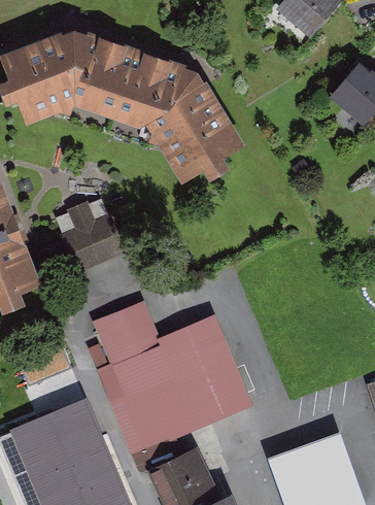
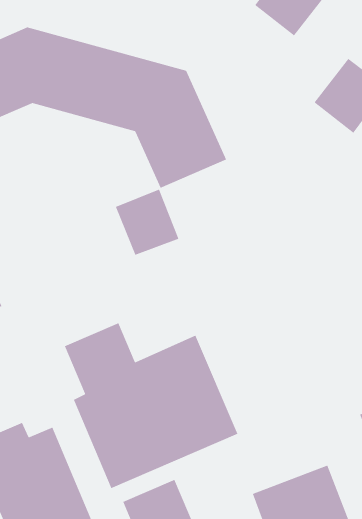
building: [64,209,124,271] -> [115,189,180,256]

